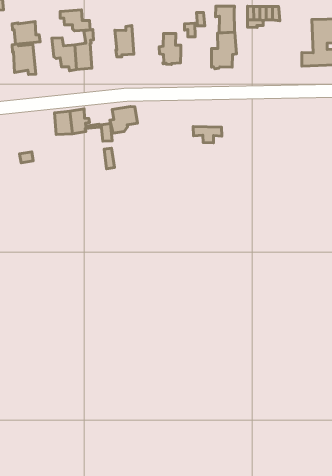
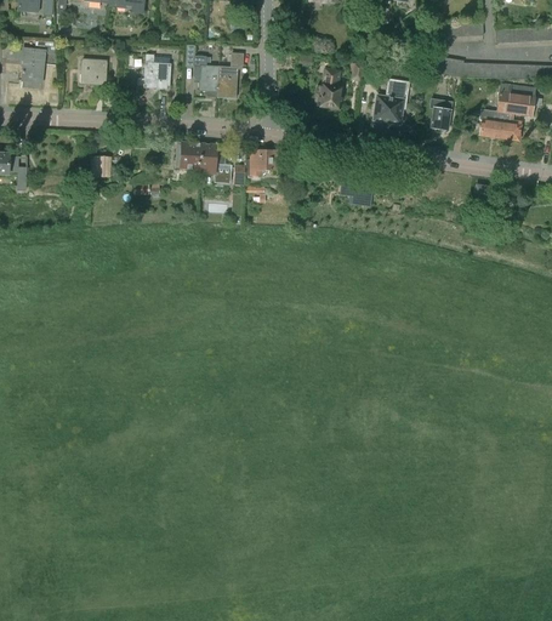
building: [215,6,235,33] -> [428,96,453,130]
building: [60,10,90,31] -> none
building: [12,22,40,44] -> none
building: [115,26,134,57] -> none

